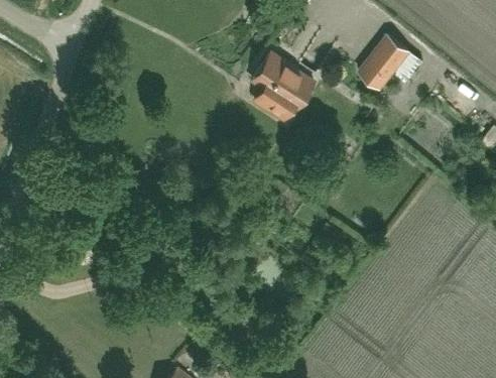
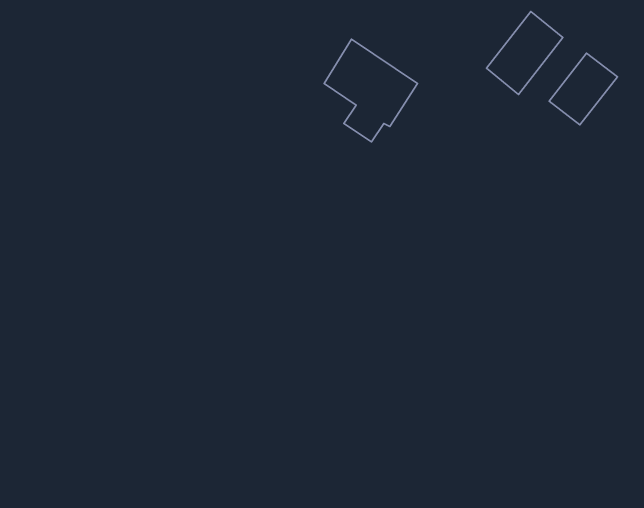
building: none -> [549,53,618,125]

